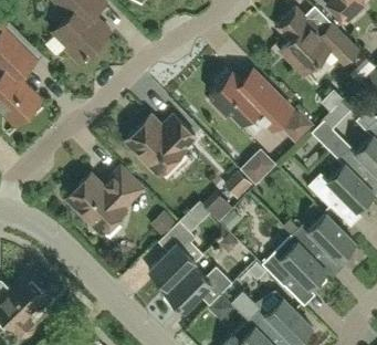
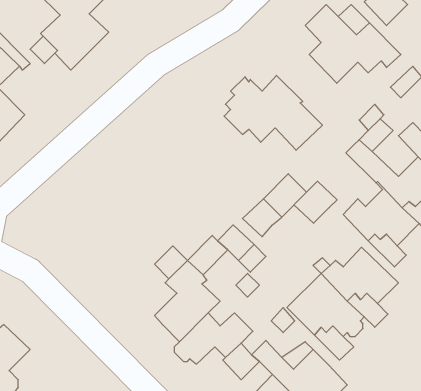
building: [282,111,318,146] -> [294,181,337,223]
building: [125,114,195,175] -> none
building: [67,166,143,232] -> none

